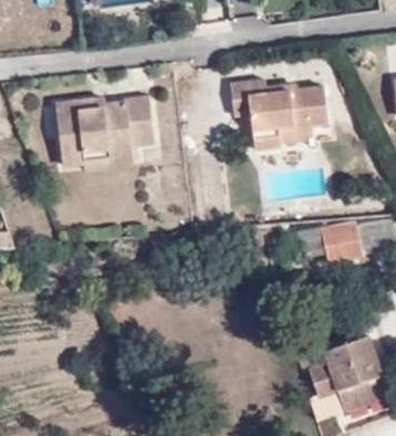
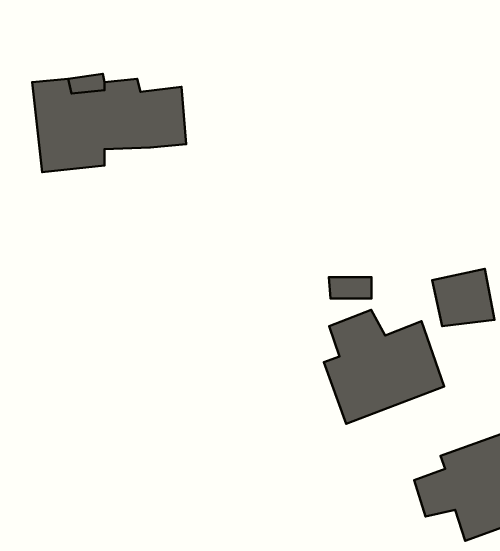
building: [229,80,326,149] -> none
building: none -> [324,310,444,424]

